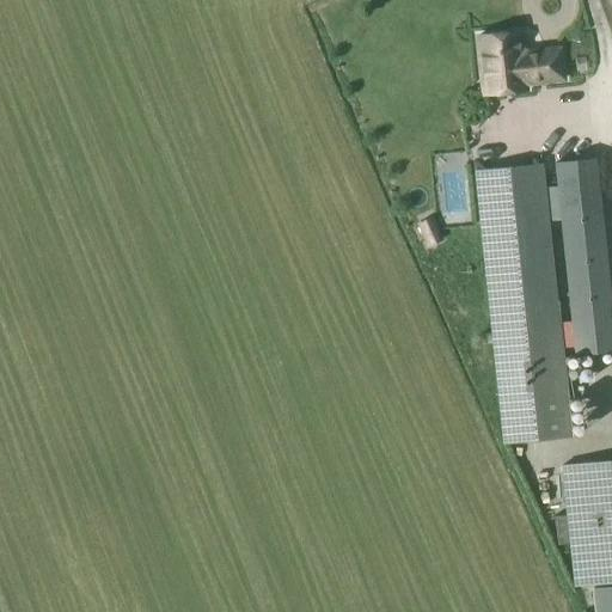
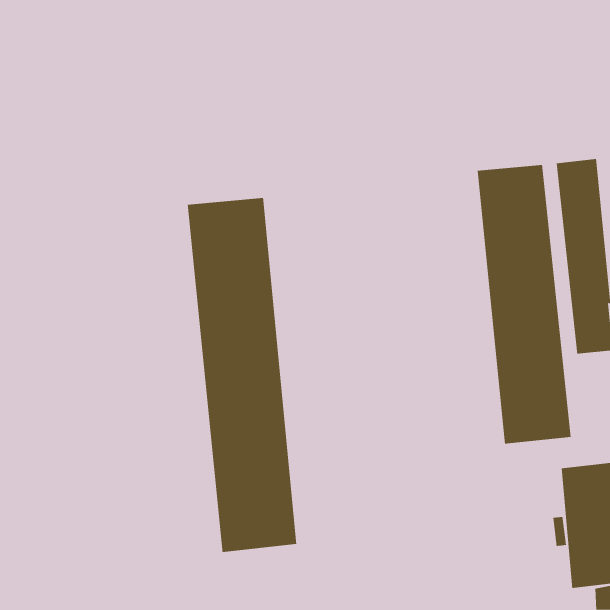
building: [479,31,565,93] -> none
building: none -> [187,197,297,553]

